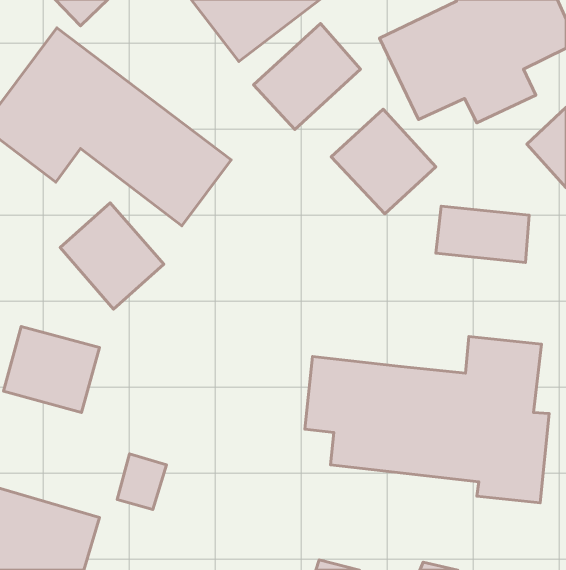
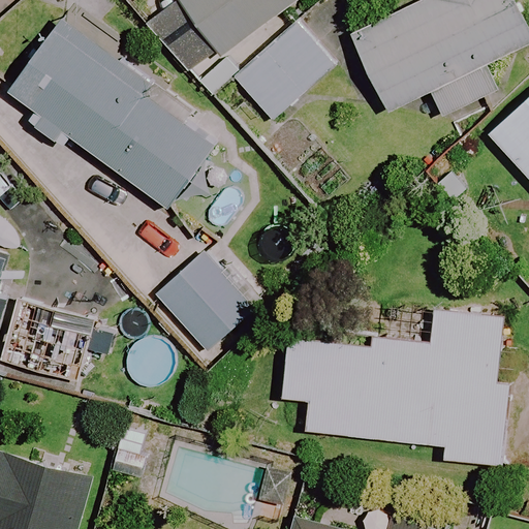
building: [331,109,436,214] -> none
building: [60,203,164,309] -> [156,253,252,351]
building: [436,206,529,262] -> none

